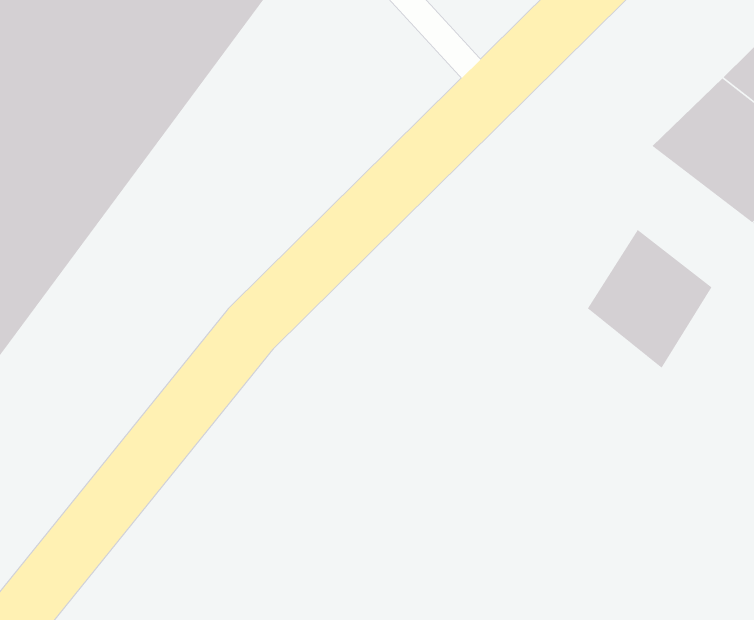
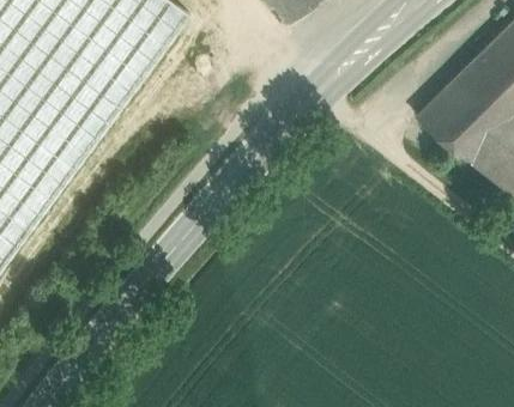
building: [587,229,712,369] -> none

